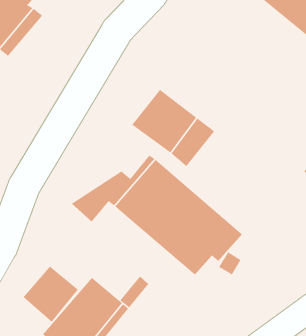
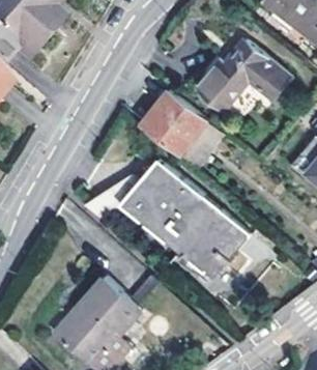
building: none -> [199,38,294,109]
building: [22,266,79,323] -> none

